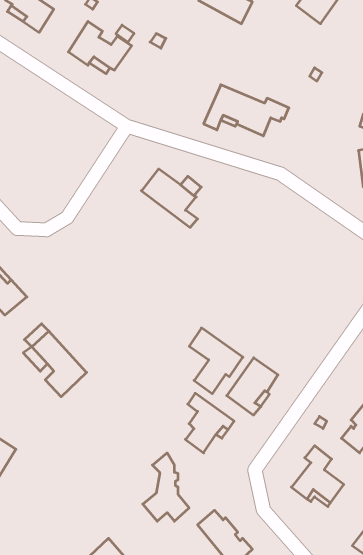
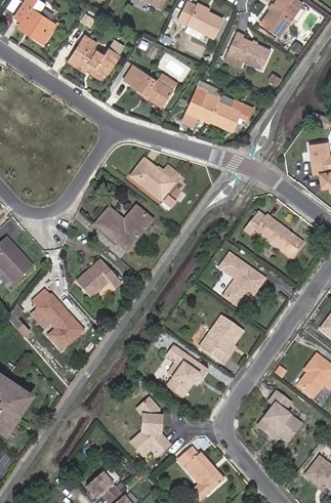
building: none -> [223,32,271,68]
building: none -> [123,65,176,107]
building: none -> [94,206,154,252]
building: none -> [243,209,303,258]
building: none -> [76,259,122,297]
building: [189,328,243,394] -> [220,254,265,309]

